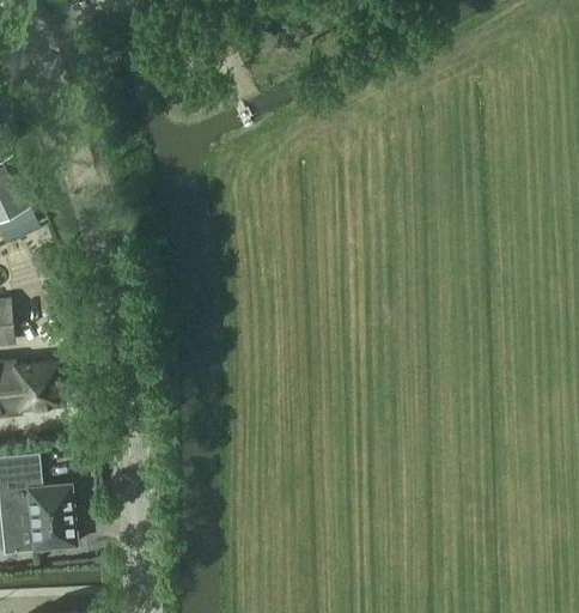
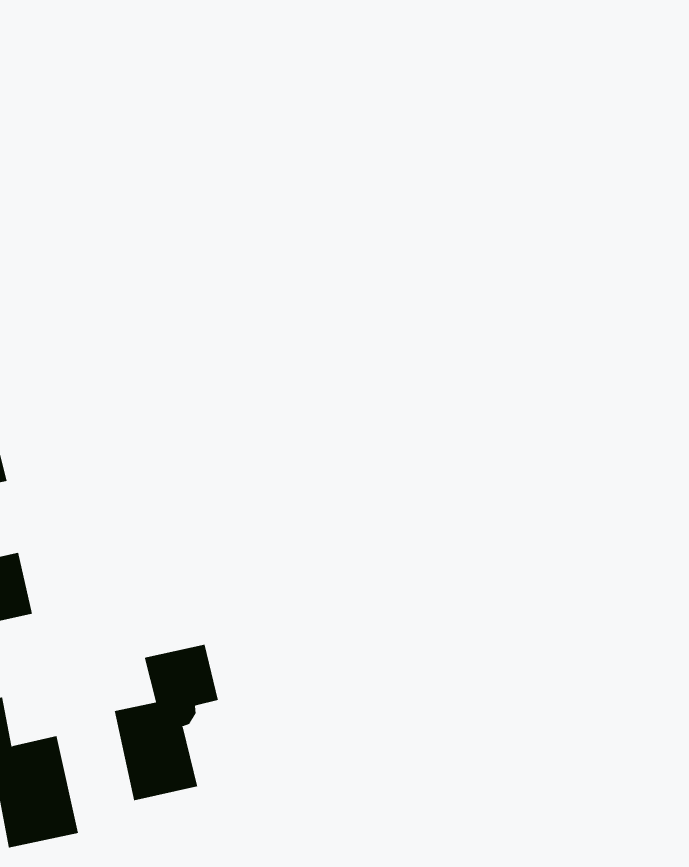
building: none -> [114,644,218,801]

